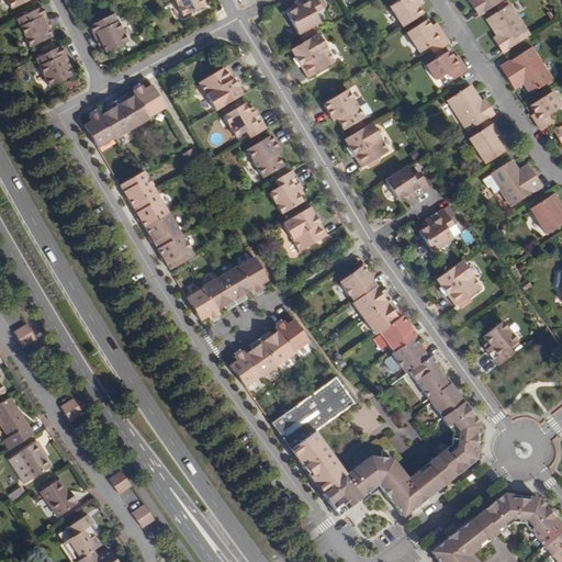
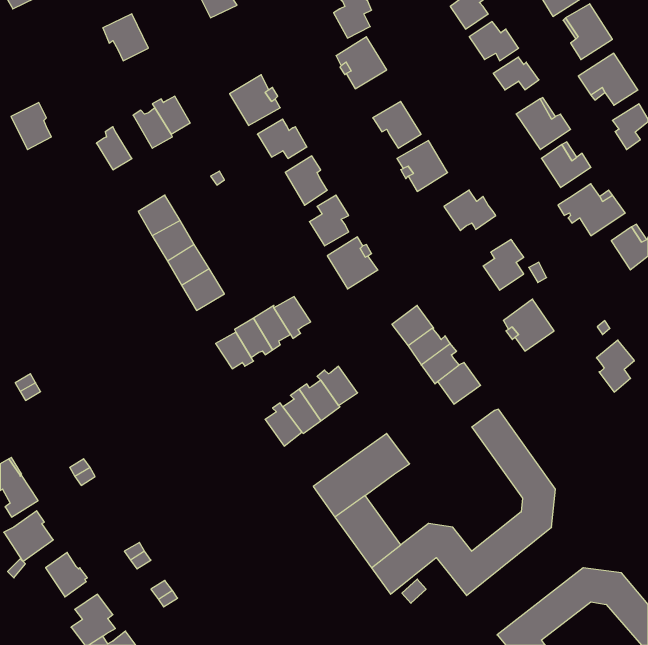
building: [16,5,50,47] -> none
building: [35,45,70,86] -> [11,103,51,150]
building: [100,100,132,138] -> none
building: [483,319,516,364] -> [596,340,634,392]
building: [384,336,428,372] -> none

